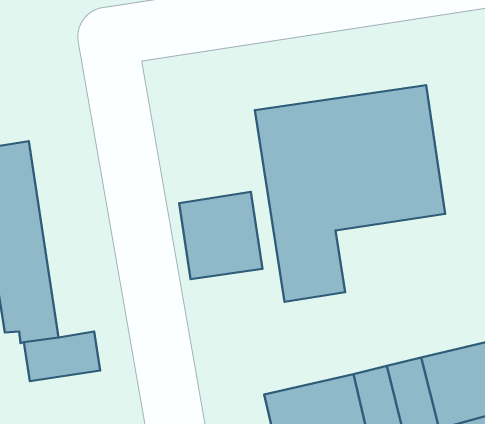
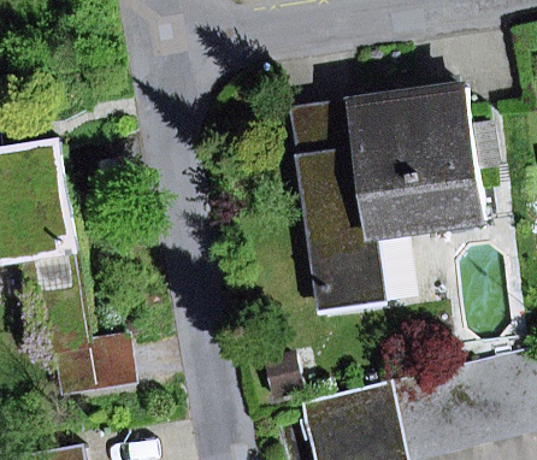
building: [179,192,263,279] -> none

